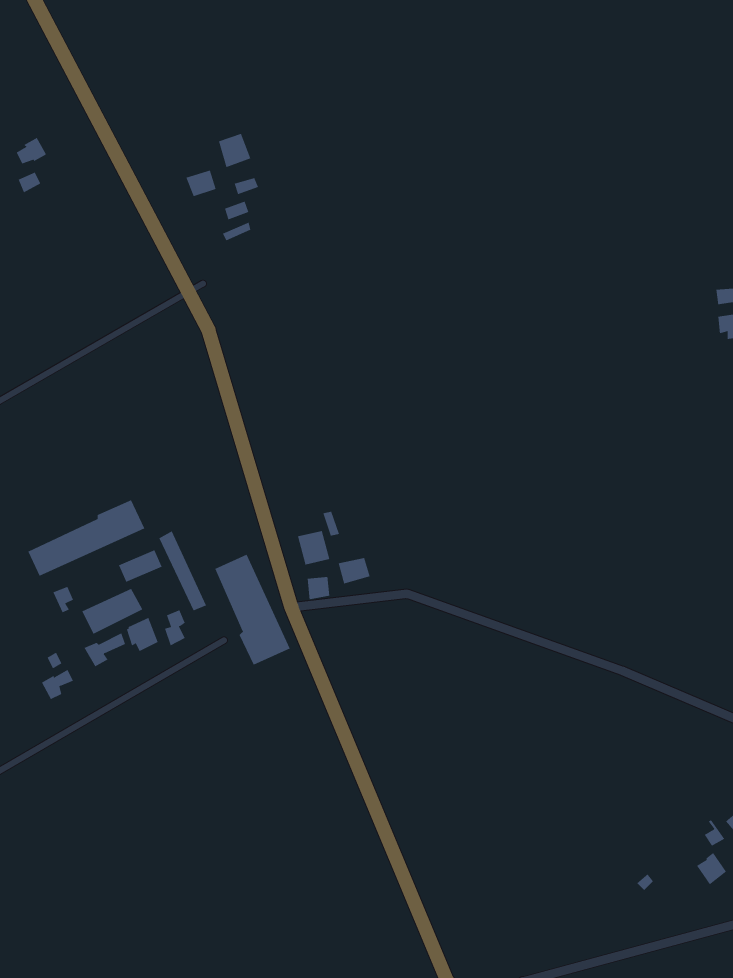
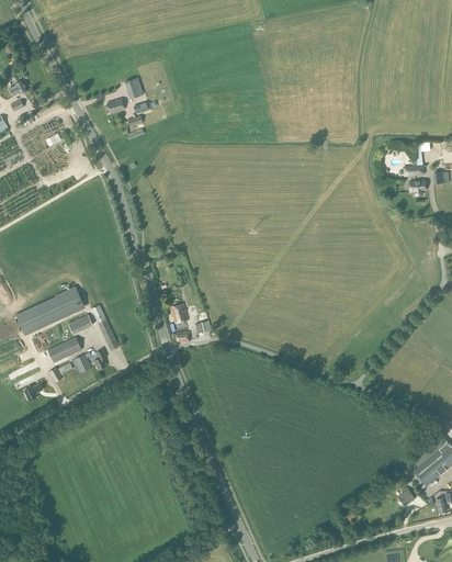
building: [215,554,291,666] -> none

